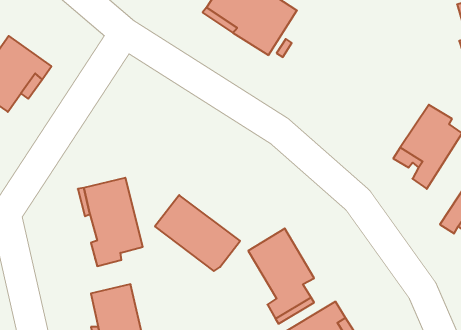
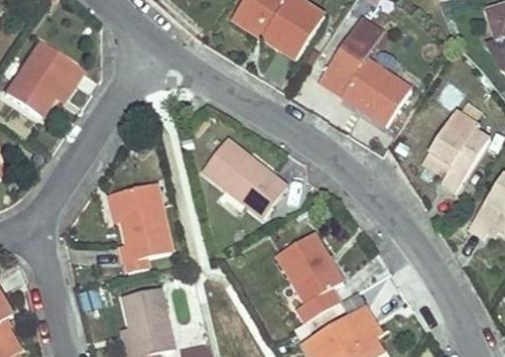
building: none -> [319,14,411,125]
building: [155,195,240,271] -> [203,139,287,215]

